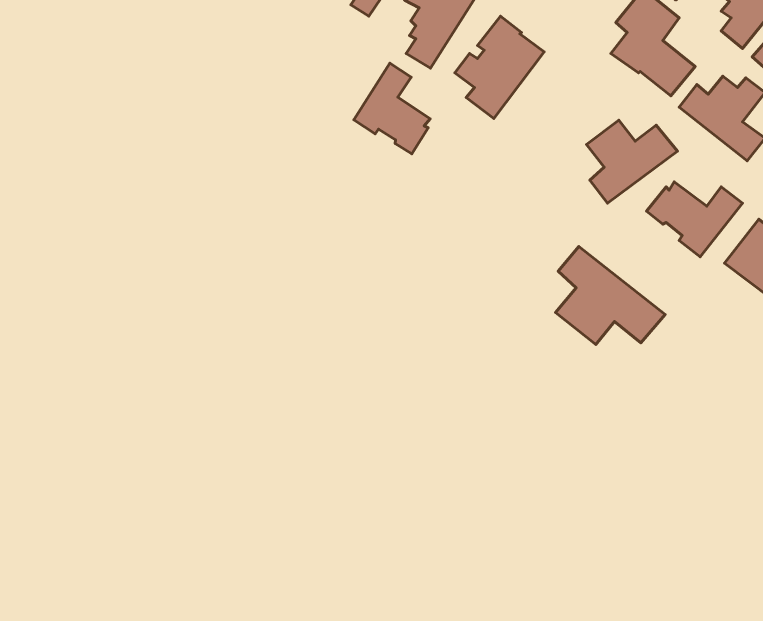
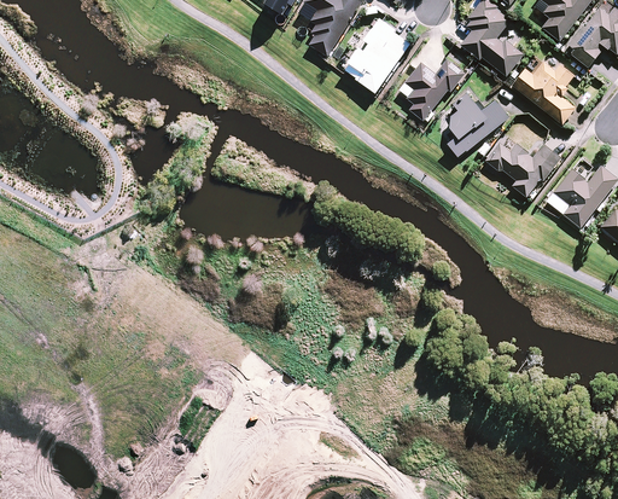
building: [354,63,430,154] -> none
building: none -> [403,62,462,123]
building: [556,246,665,344] -> none

